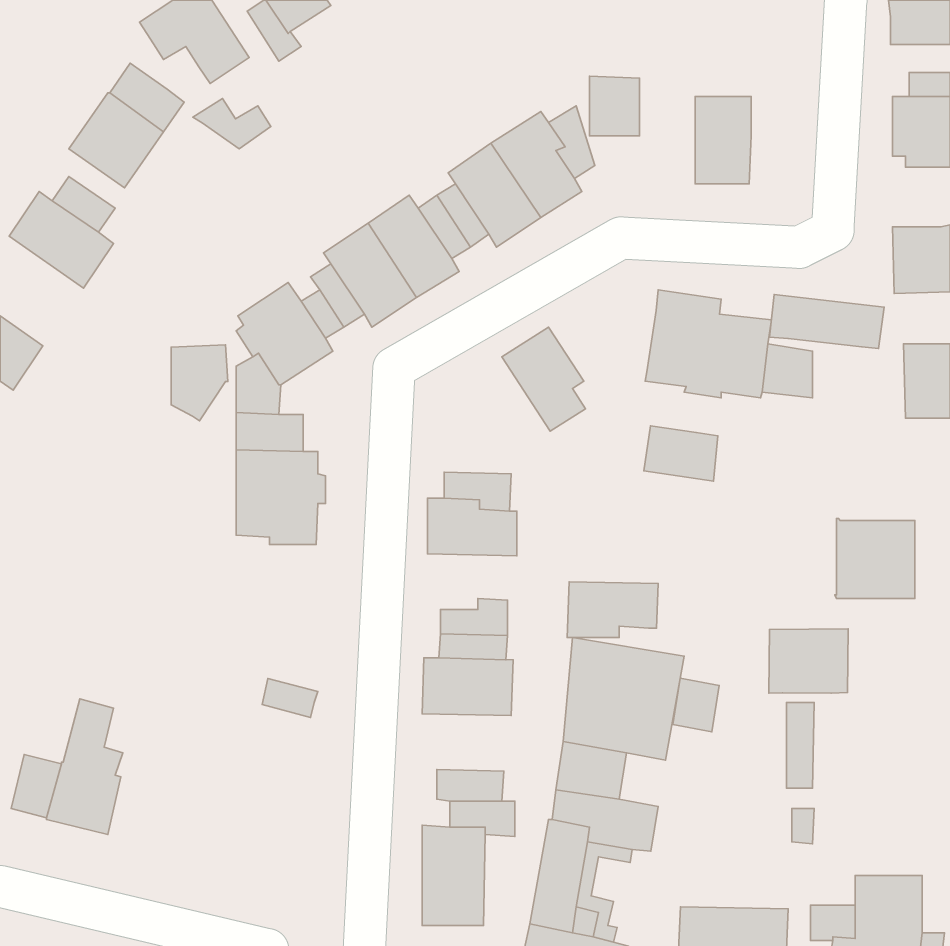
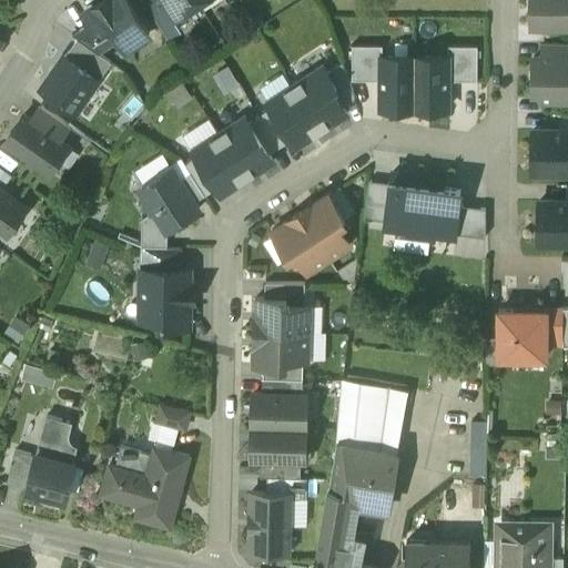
building: none -> [448,48,477,83]
building: none -> [382,60,415,112]
building: [193,99,271,149] -> [72,26,119,55]
building: [770,295,884,349] -> none
building: none -> [364,184,392,224]
building: [171,345,228,421] -> none
building: none -> [272,215,328,273]
building: [644,426,718,481] -> none
building: none -> [544,310,562,346]
building: [567,582,658,637] -> [254,333,308,366]
building: [769,629,848,693] -> none
building: [673,678,719,732] -> [369,452,397,484]
building: none -> [252,428,305,463]
building: none -> [101,449,189,528]

